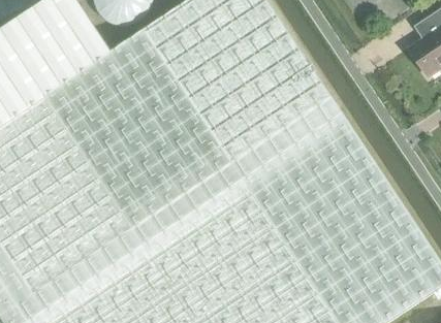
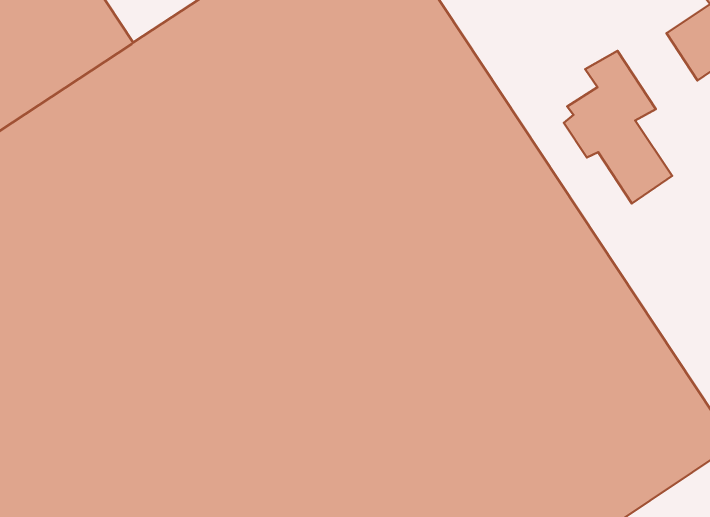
building: none -> [564,51,672,204]

